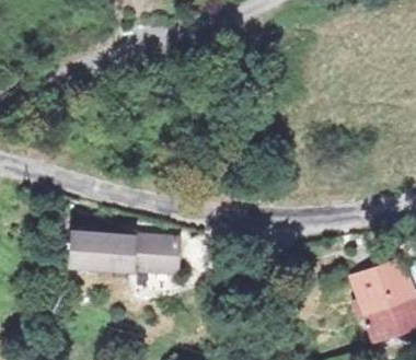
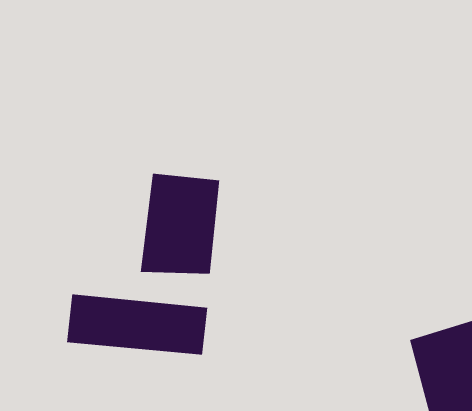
building: none -> [140,173,220,275]

